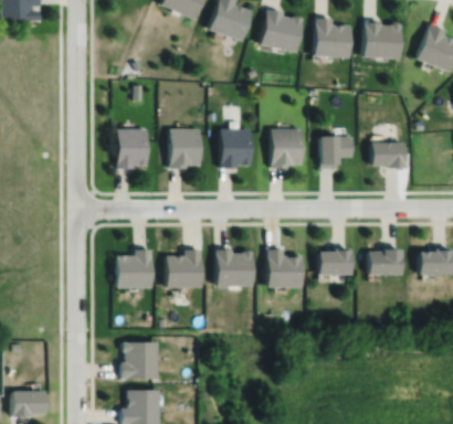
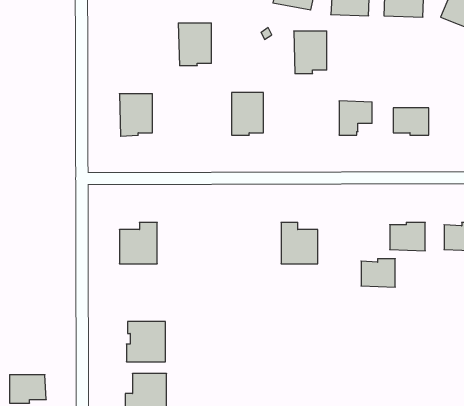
building: [169,128,200,168] -> [178,23,211,66]
building: [271,128,302,168] -> [294,31,327,74]
building: [319,250,351,276] -> [361,259,395,287]
building: [166,251,200,289] -> none
building: [215,251,252,287] -> none

